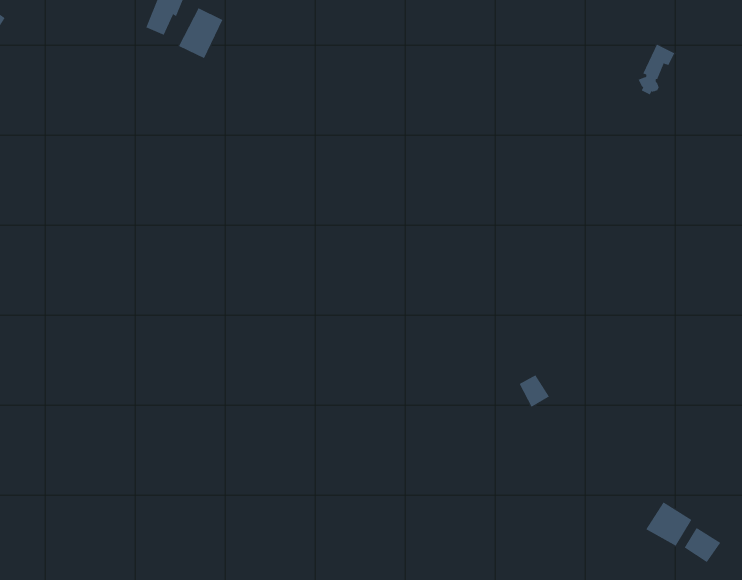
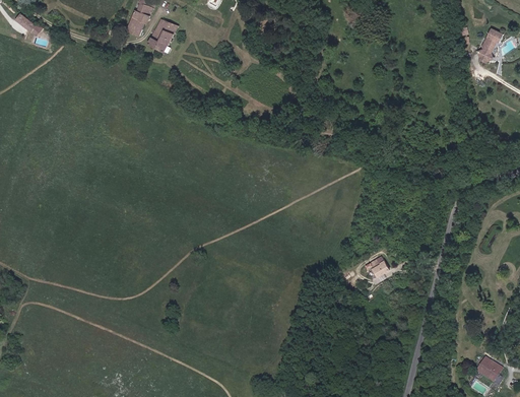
building: [638,44,675,95] -> [478,27,503,61]
building: [646,501,692,546] -> none

